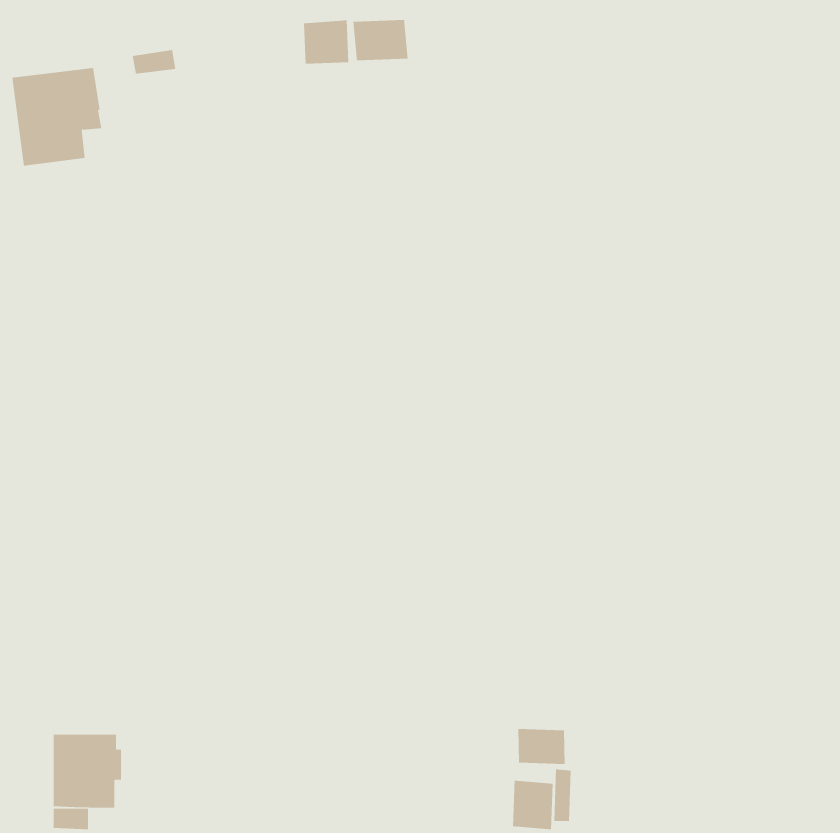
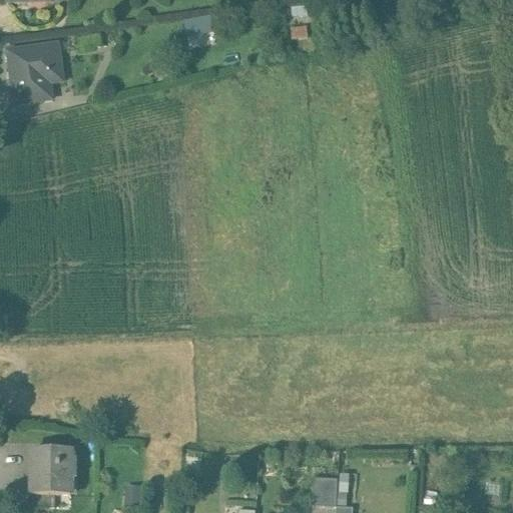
building: [353,19,408,61] -> none
building: [518,728,565,765] -> none

